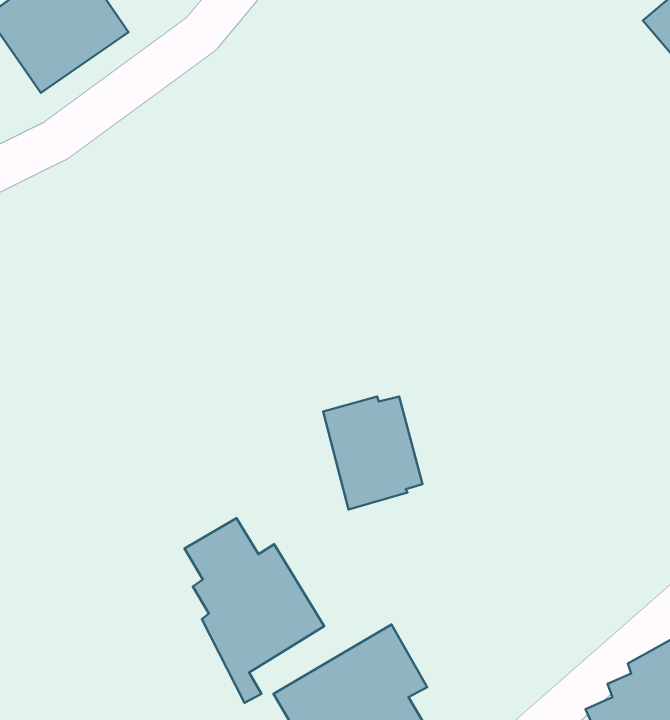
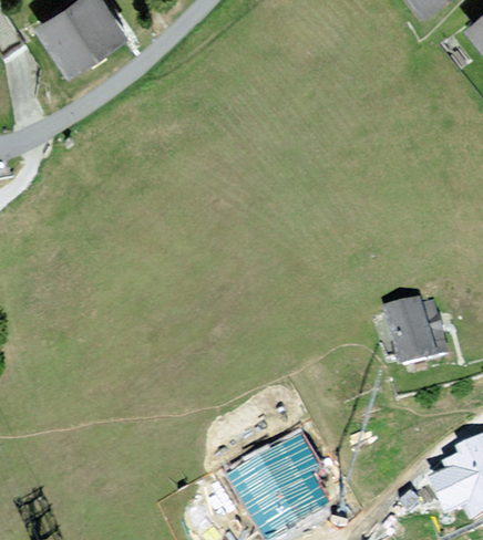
building: [323,396,423,509] -> [381,297,446,371]
building: [184,518,324,703] -> none

